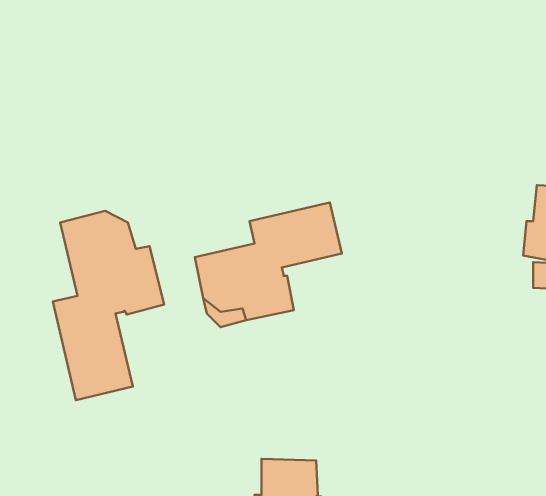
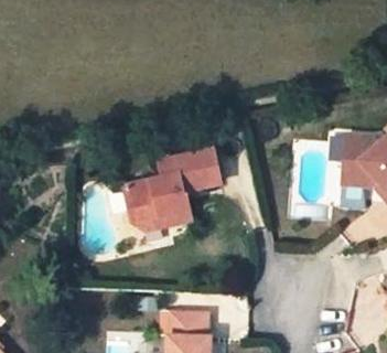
building: [53,211,164,400] -> none

